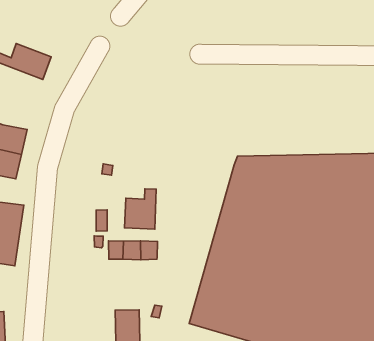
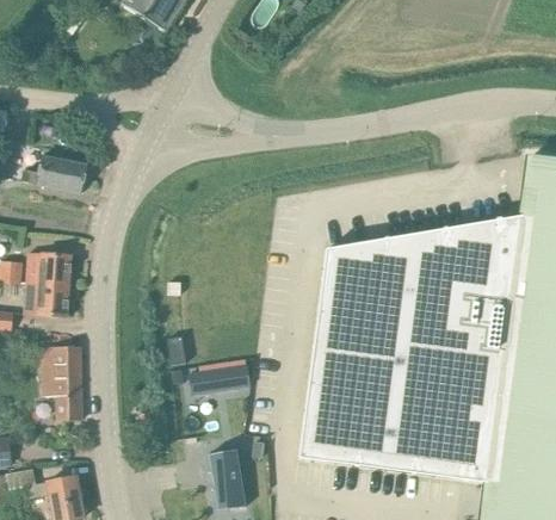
building: [124,189,156,229] -> none

